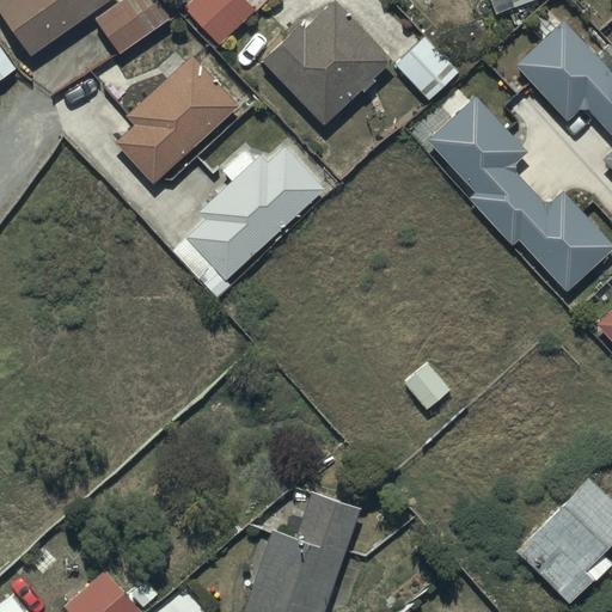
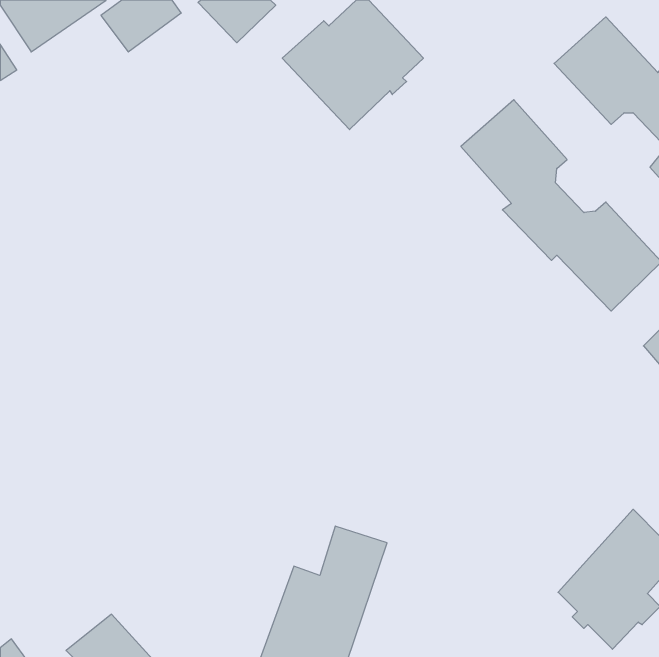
building: [397,35,460,100] -> none
building: [117,54,240,183] -> none
building: [186,147,326,281] -> none

